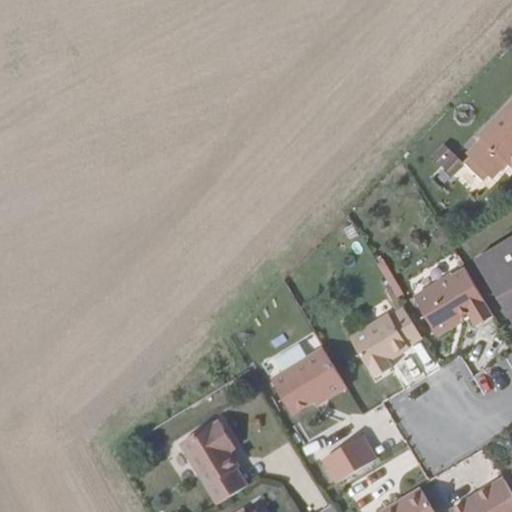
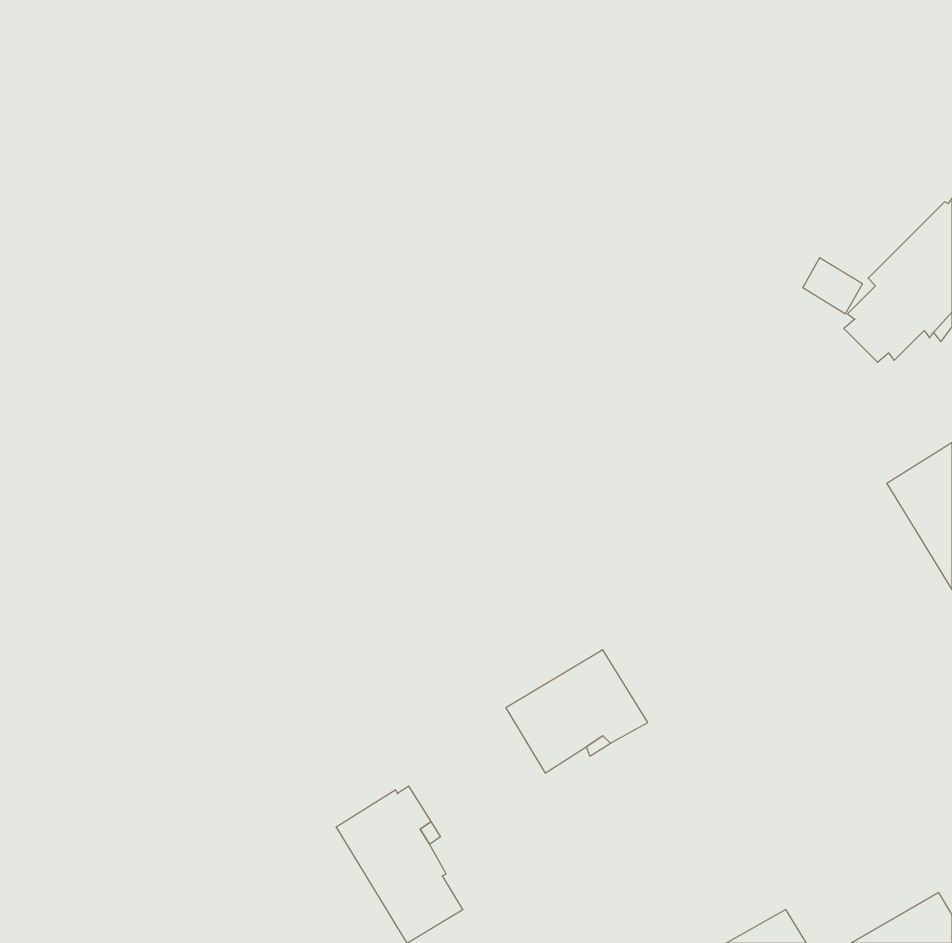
building: [415,268,486,335] -> none
building: [350,308,422,376] -> none
building: [324,435,377,482] -> none

